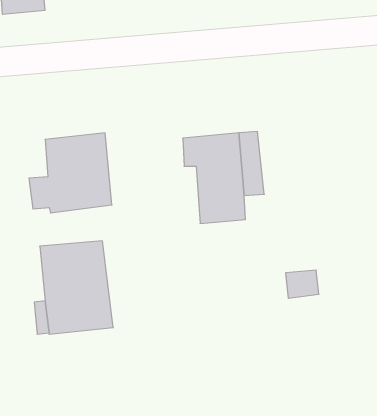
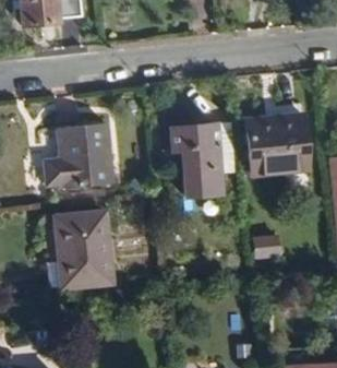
building: none -> [246,114,308,177]

